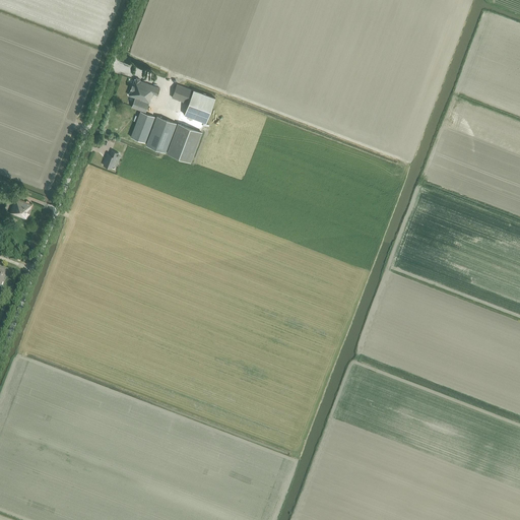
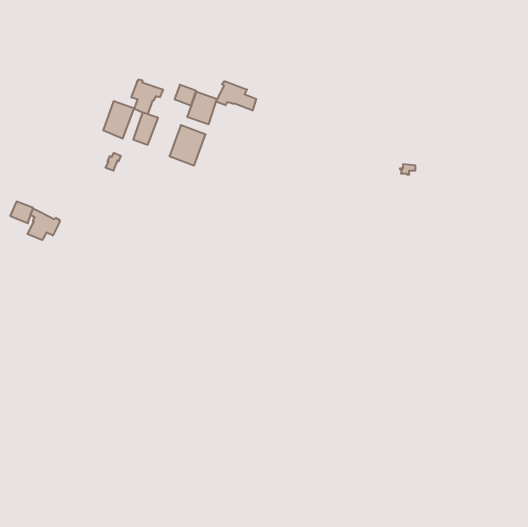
building: none -> [216,81,256,111]
building: [146,117,177,153] -> [103,101,134,138]
building: none -> [27,209,60,240]

